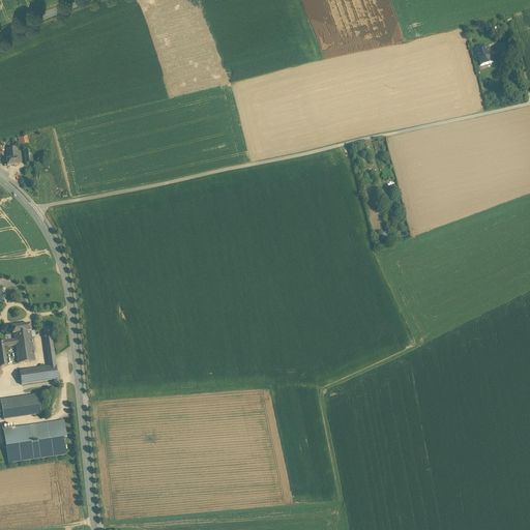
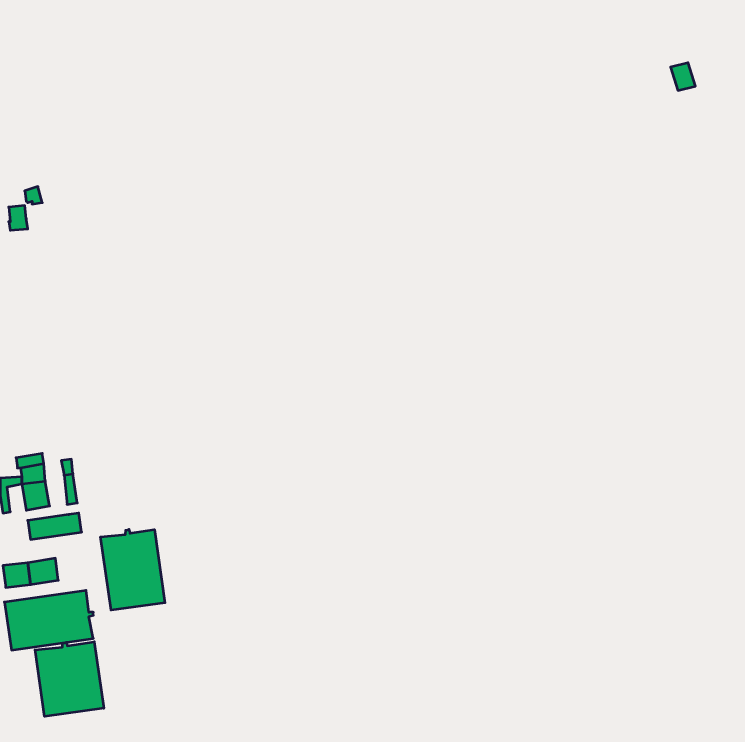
building: none -> [101,529,165,610]
building: none -> [35,642,104,716]

